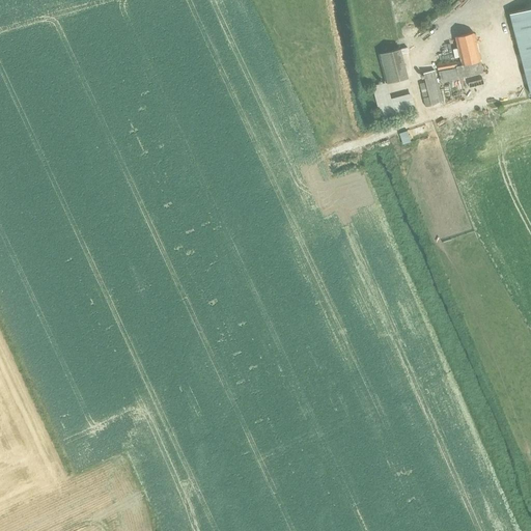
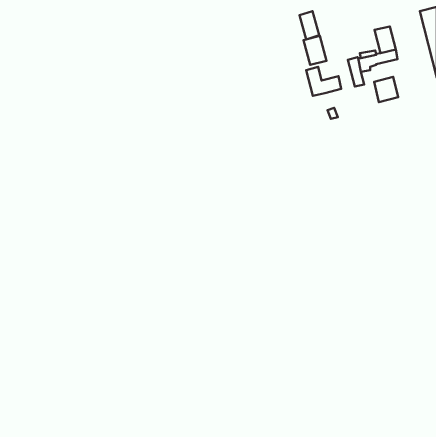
building: none -> [300,11,319,39]
building: none -> [374,77,398,102]

